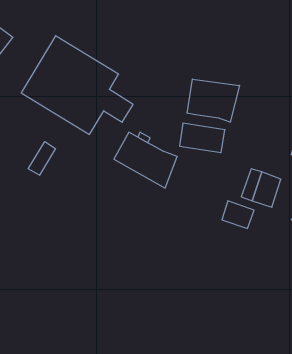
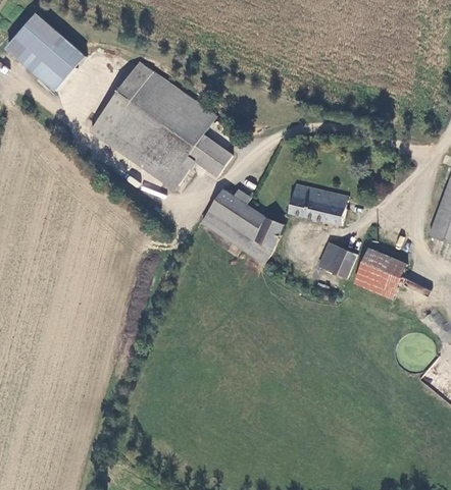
building: [187,79,240,122] -> none
building: [28,142,55,175] -> none
building: [222,201,254,228] -> [315,239,357,276]

